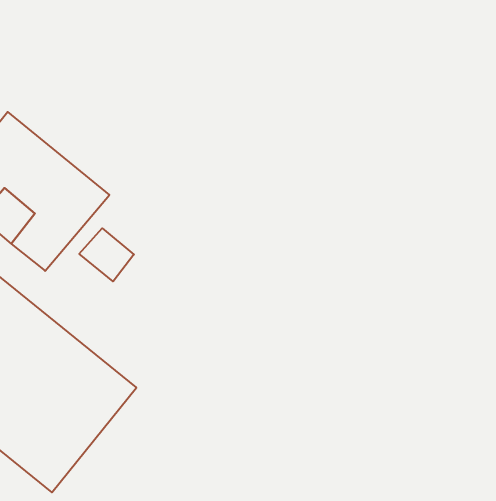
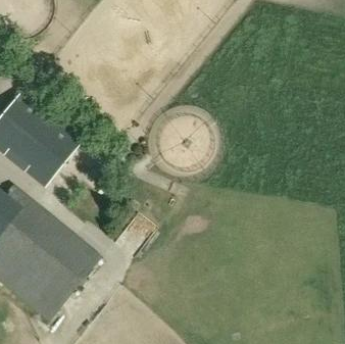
building: [79,228,134,281] -> none

